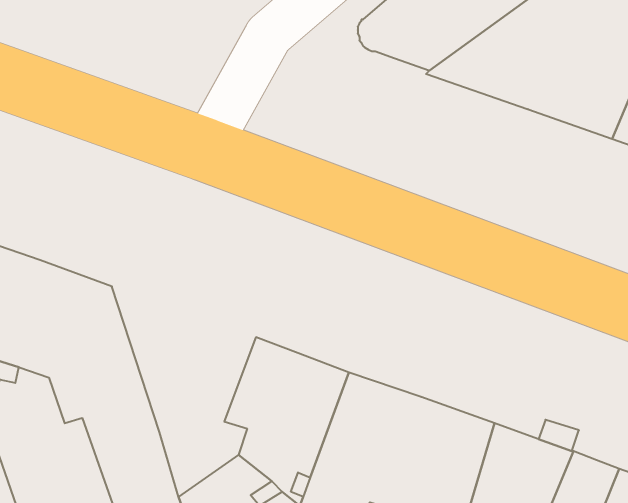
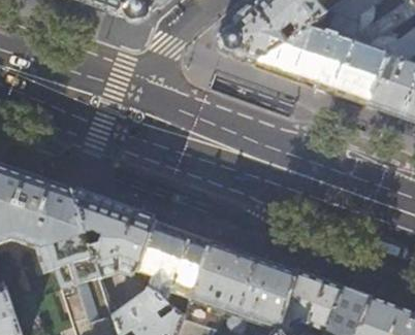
building: none -> [72,188,157,273]

